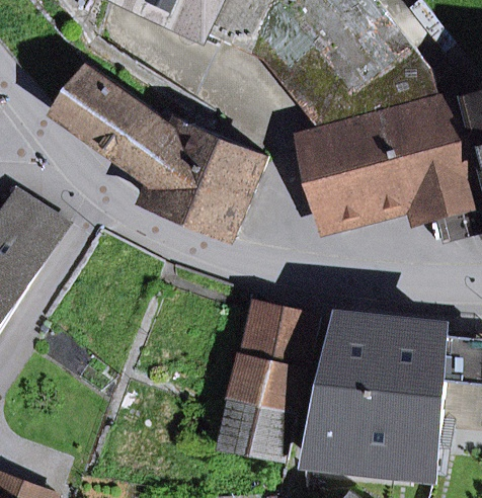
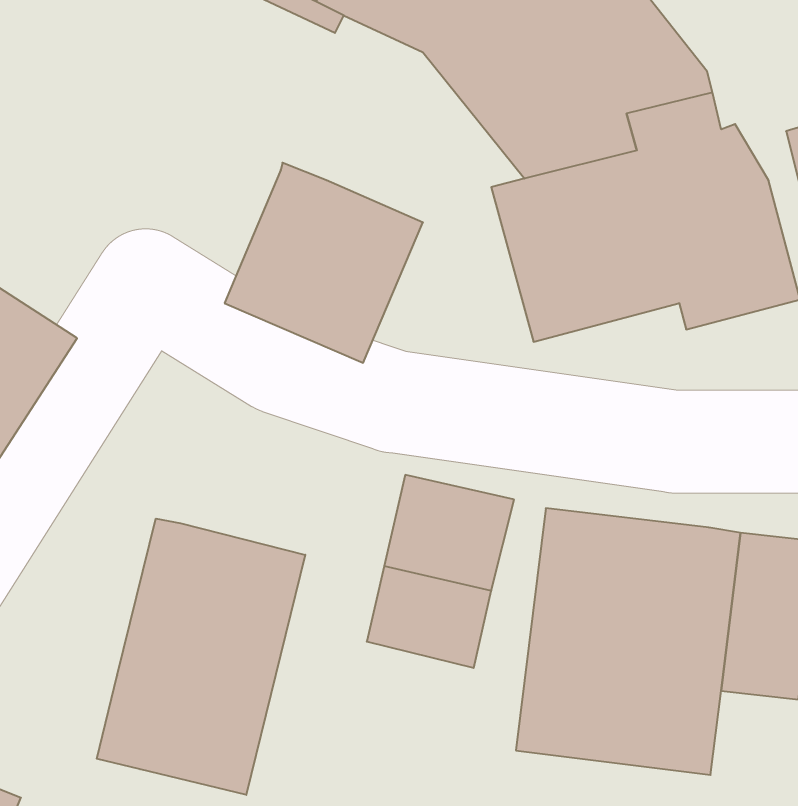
building: [48,66,177,184] -> none
building: none -> [97,519,305,795]
building: [216,399,289,462] -> none

